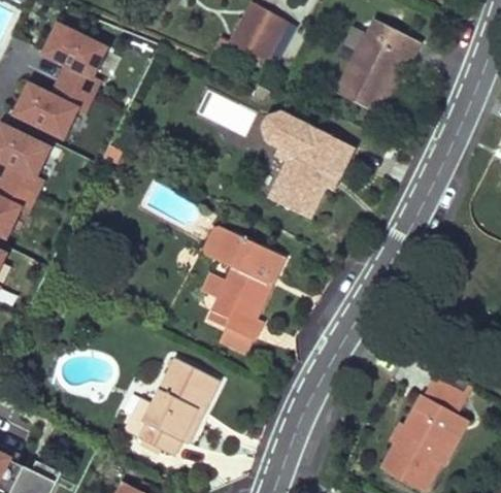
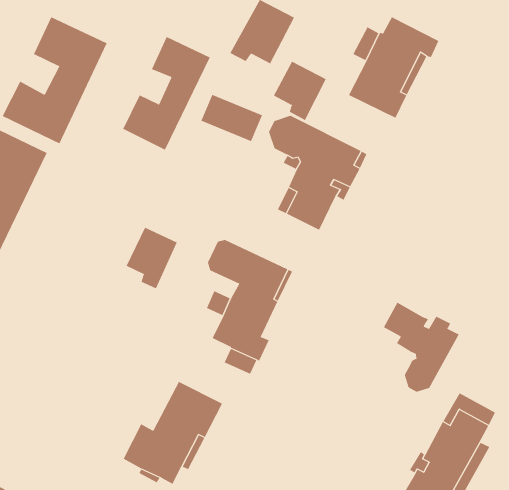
building: none -> [122,36,211,150]
building: none -> [273,61,326,121]
building: none -> [126,227,178,289]
building: none -> [383,302,459,393]

